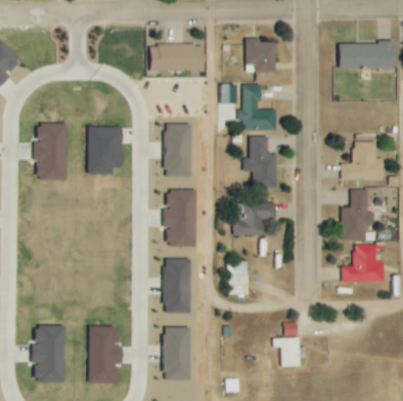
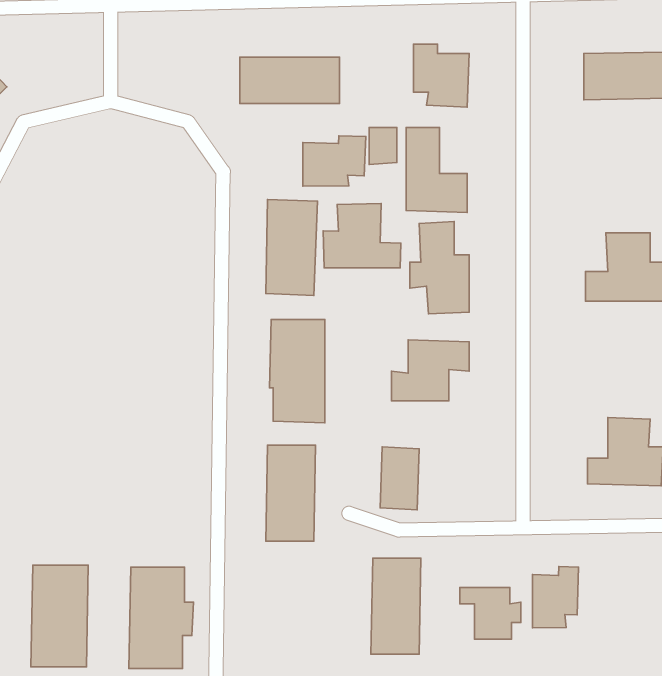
building: none -> [303,136,366,186]
building: [34,124,66,180] -> none
building: none -> [323,204,401,268]
building: [88,127,122,175] -> none
building: [341,189,374,240] -> none
building: none -> [532,566,579,628]
building: [163,327,190,381] -> [371,558,421,654]

